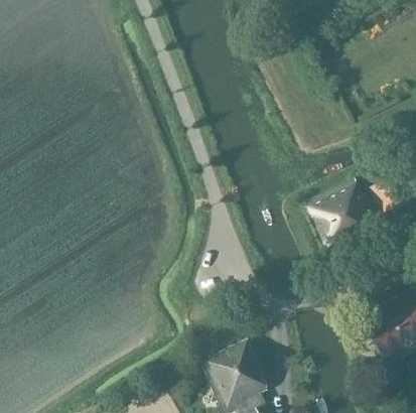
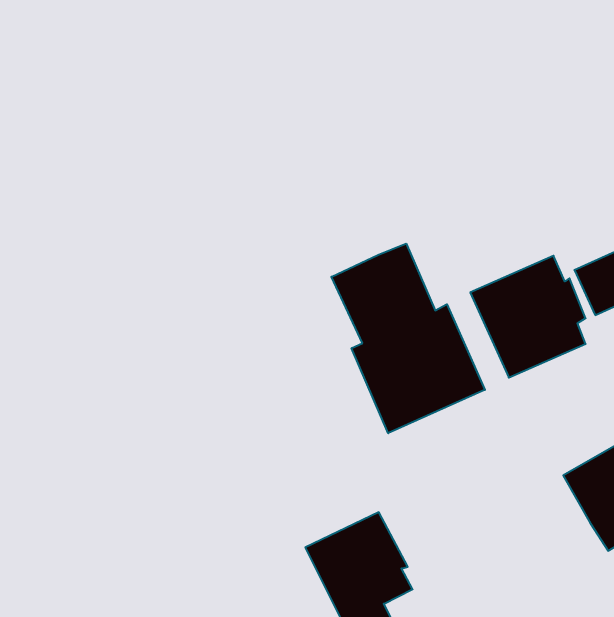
building: none -> [331,244,485,433]

